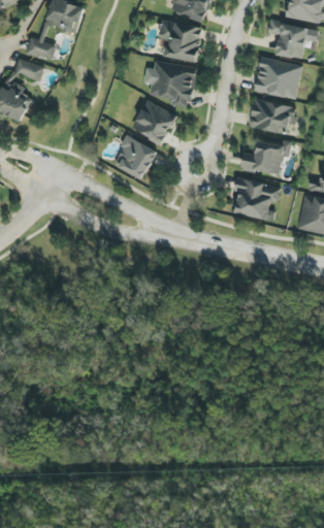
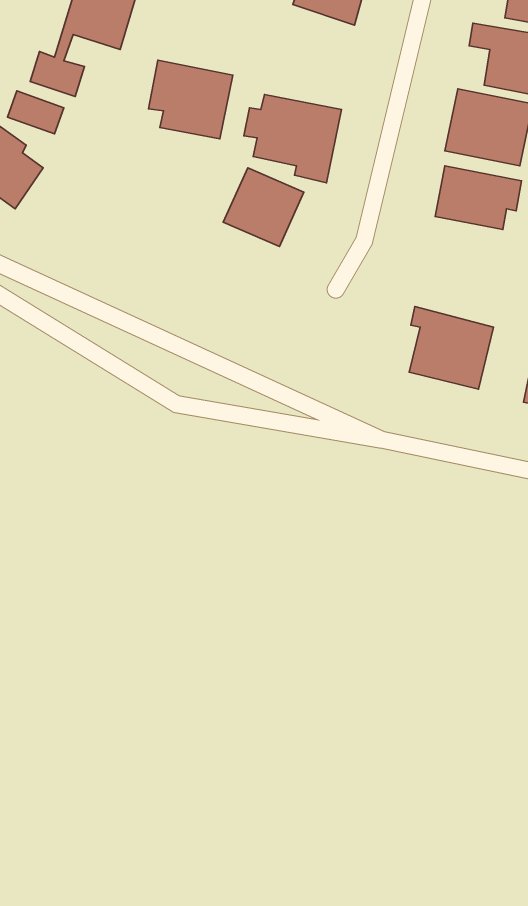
building: [157,20,203,63] -> [149,60,233,139]
building: [114,135,157,179] -> none
building: [240,139,291,174] -> none

